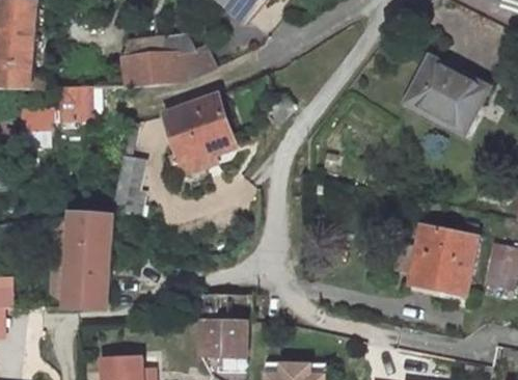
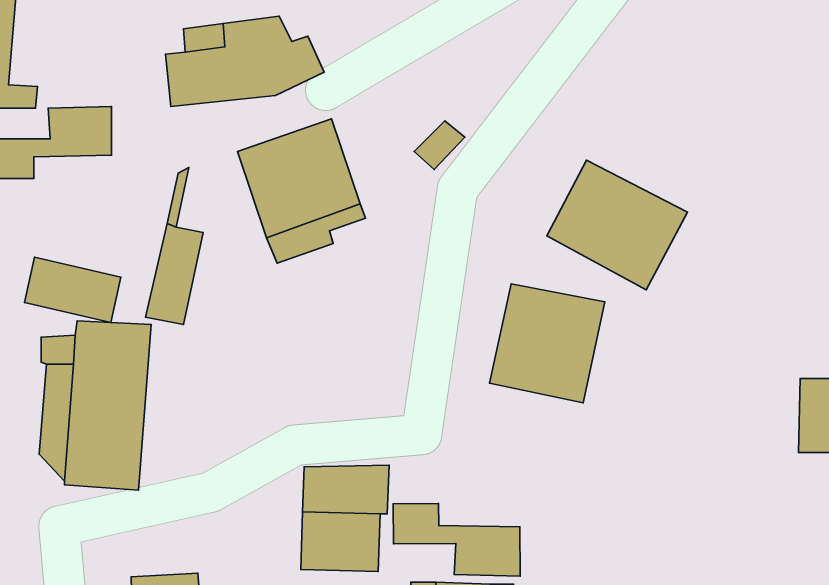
building: [407,57,488,132] -> [547,160,688,290]
building: none -> [25,257,121,323]
building: [410,227,476,296] -> [490,284,605,403]
building: none -> [393,504,520,576]

